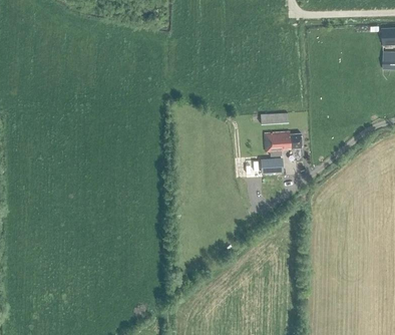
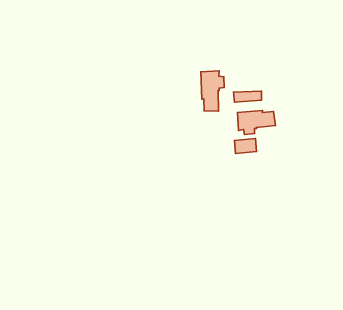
building: none -> [201,71,224,111]

